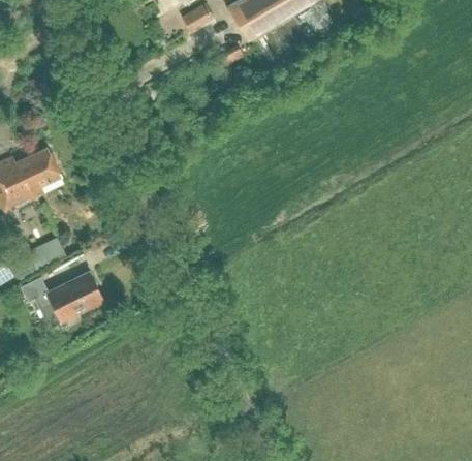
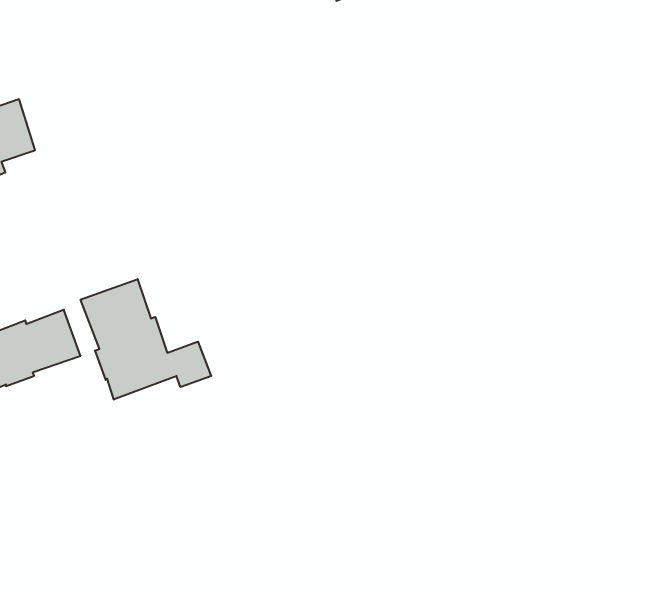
building: none -> [81,279,211,400]

